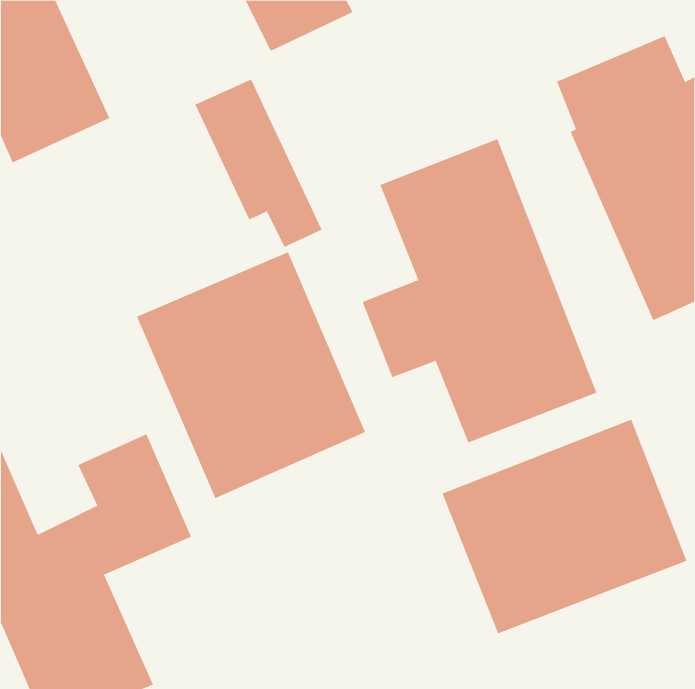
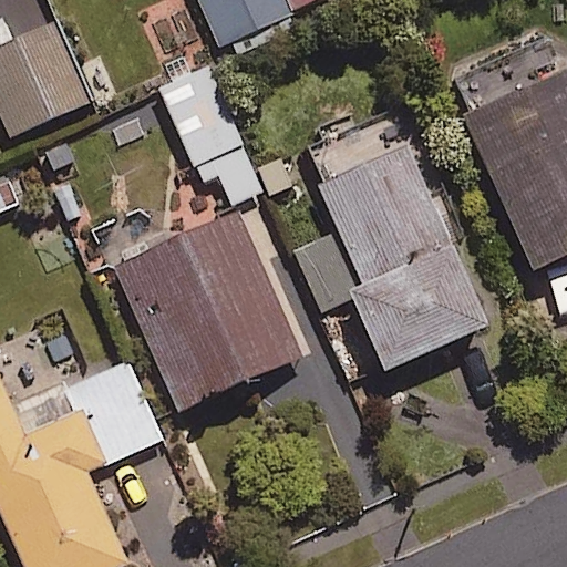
building: [442,419,687,634] -> none

